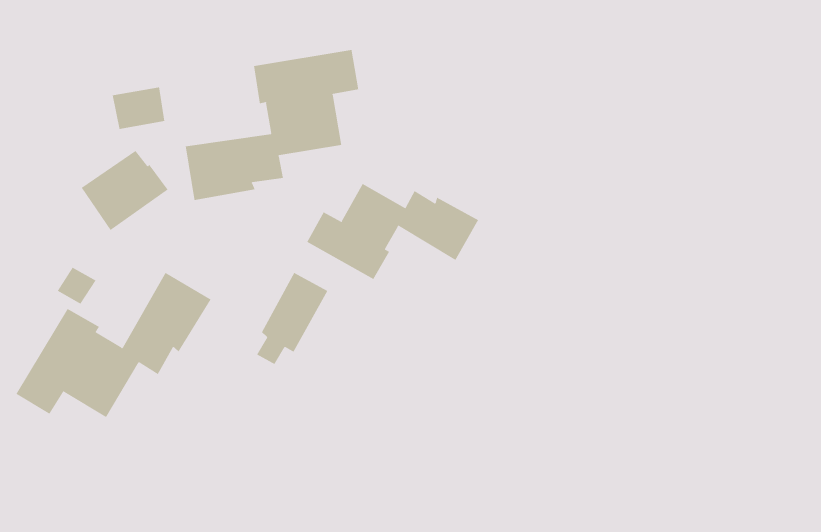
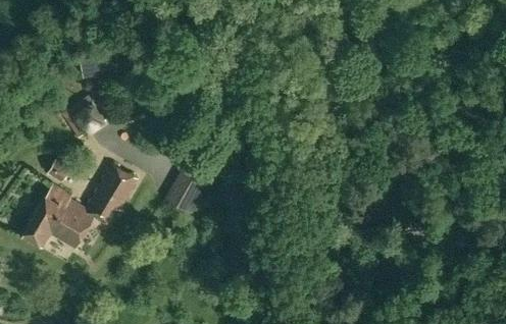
building: [185,49,359,201] -> none
building: [306,183,479,280] -> none

